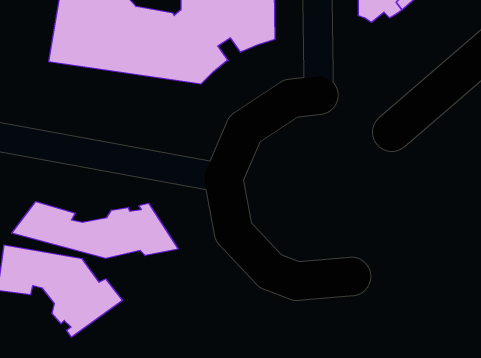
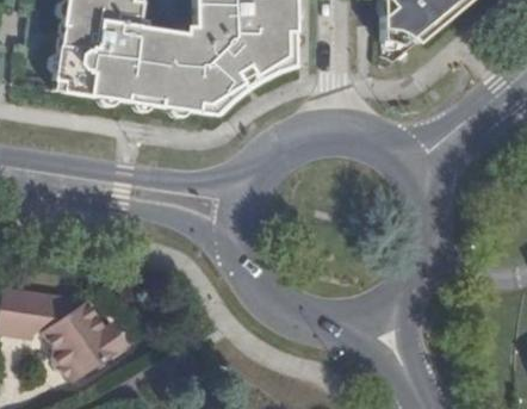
building: [12,202,178,258] -> none

